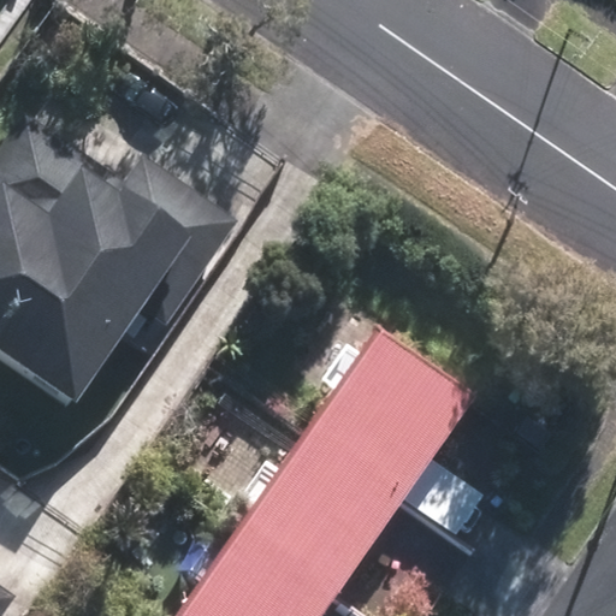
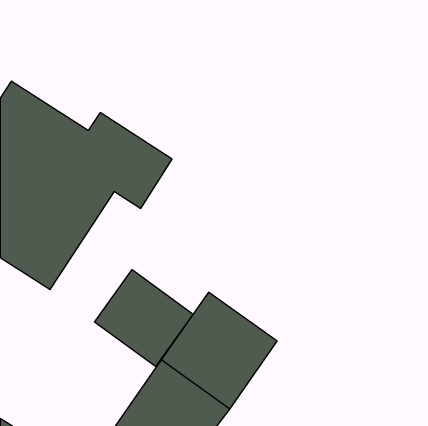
building: [303,328,485,529] -> none
building: none -> [95,270,193,367]

